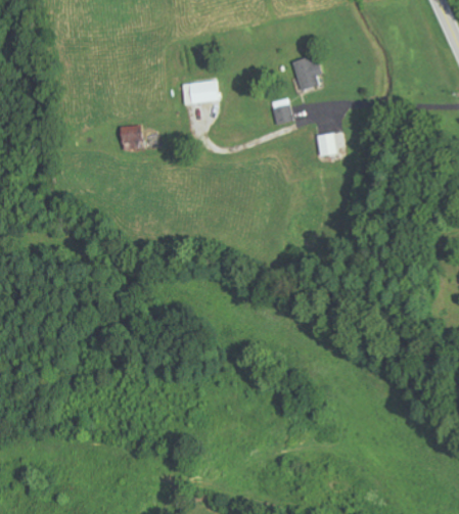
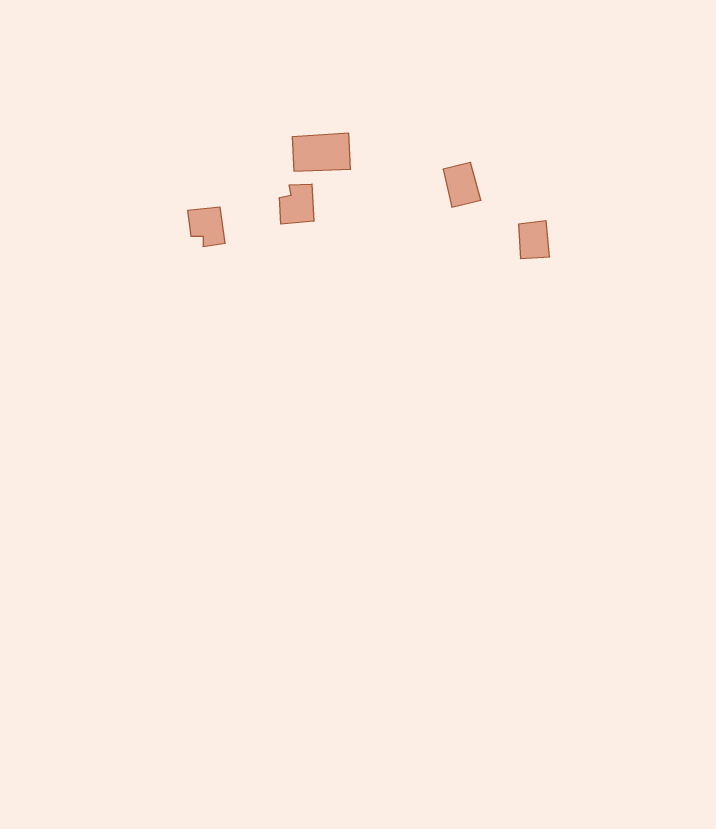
building: [293,57,321,90] -> none
building: none -> [279,184,314,224]

